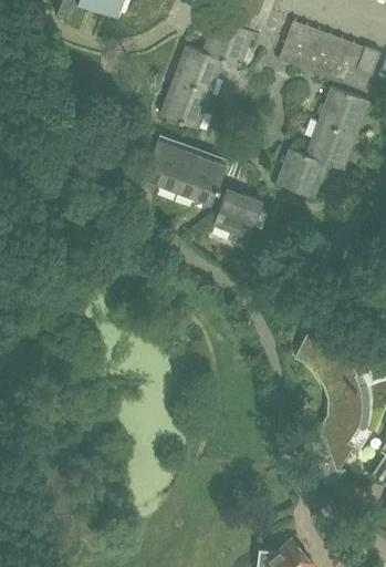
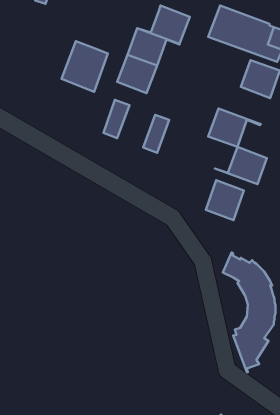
building: none -> [61,41,108,92]
building: [290,122,356,169] -> [215,147,267,184]
building: [160,145,209,199] -> none
building: [213,188,262,239] -> [206,180,244,220]

